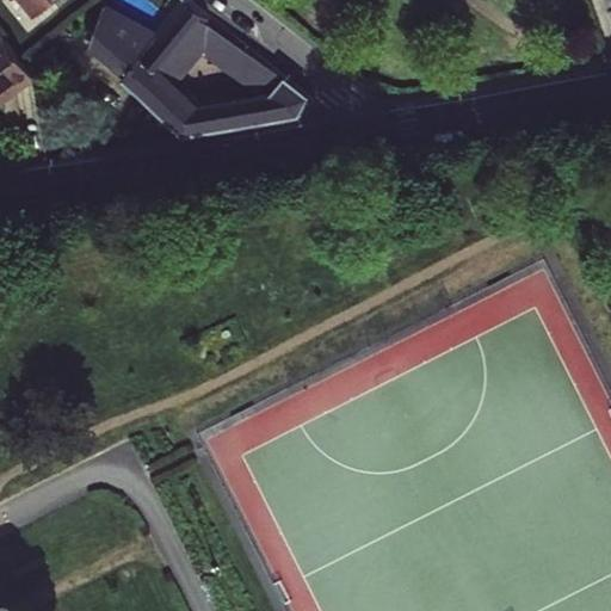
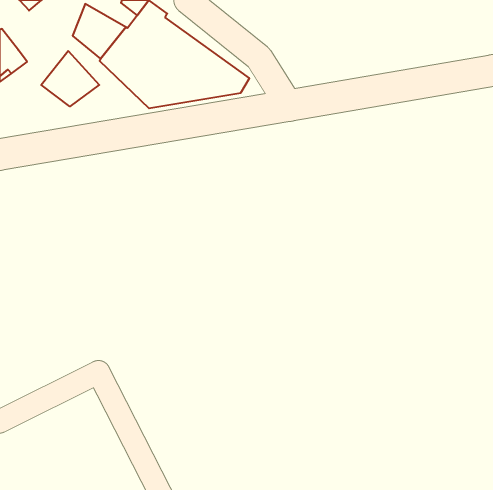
building: none -> [41,51,99,106]

